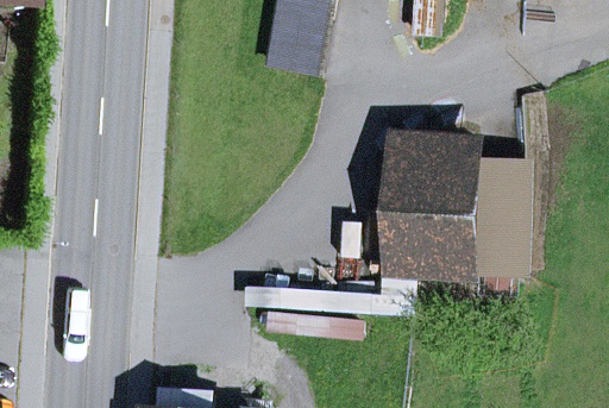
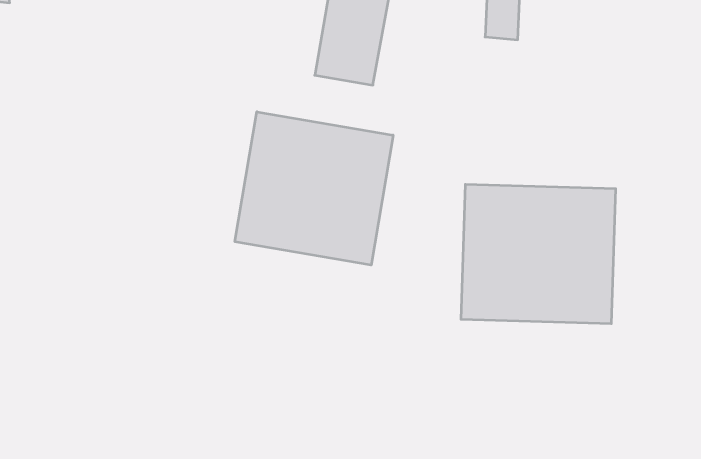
building: none -> [235,112,393,265]

